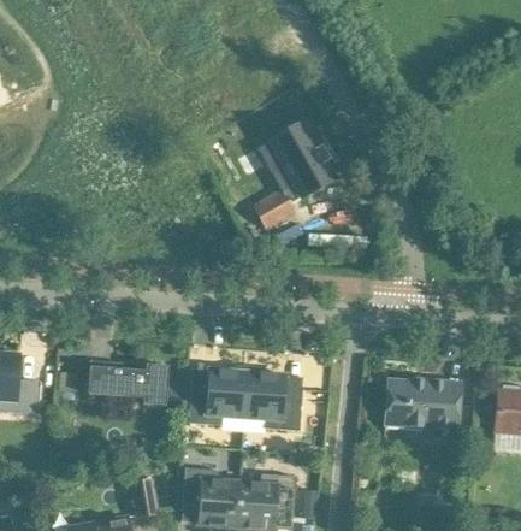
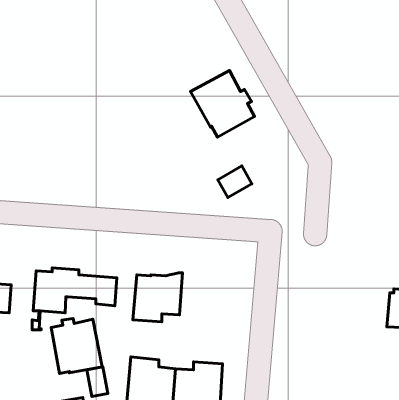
building: [255,189,296,228] -> [218,166,252,198]
building: [245,366,304,431] -> none
building: [385,378,461,442] -> none
building: none -> [51,319,102,373]

